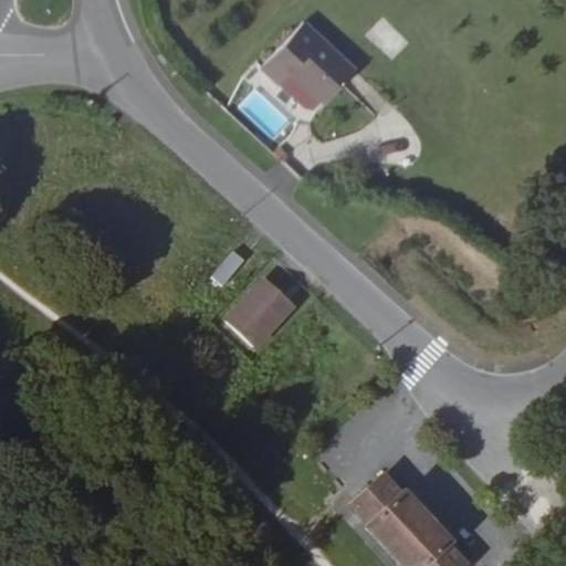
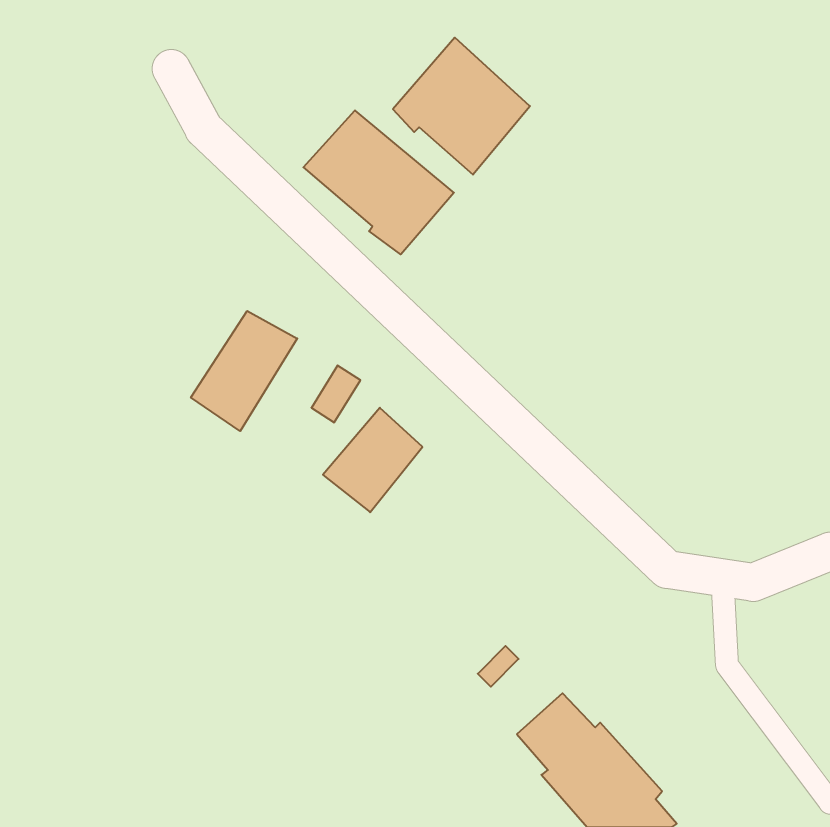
building: none -> [303,110,454,254]
building: none -> [191,311,297,431]

